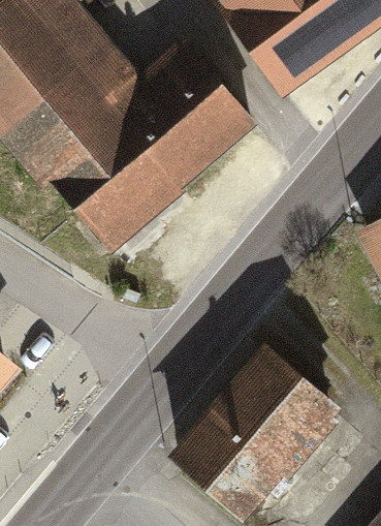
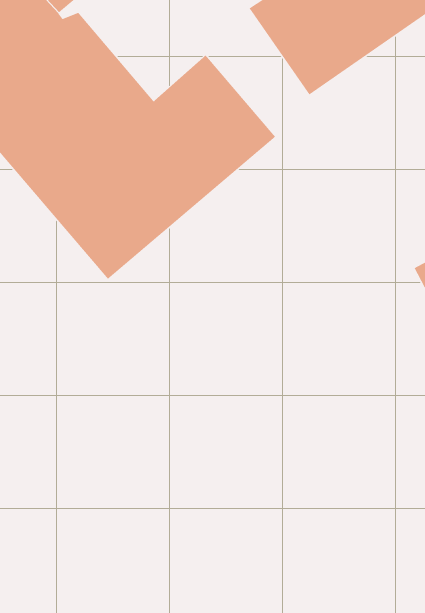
building: [182,351,332,507] -> none

